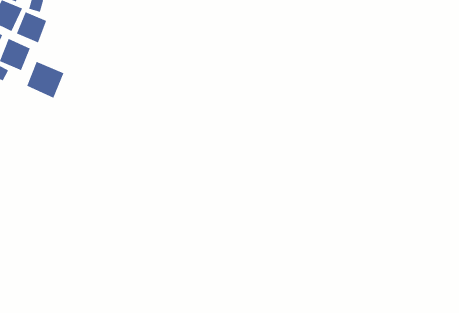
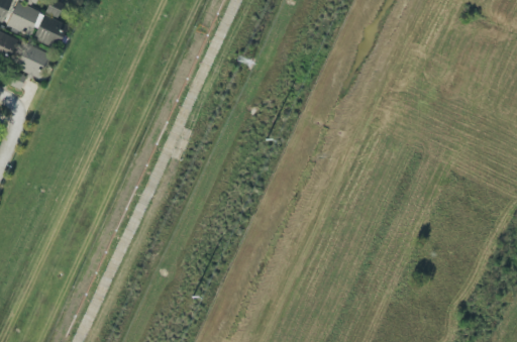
building: [26,61,65,99] -> none

